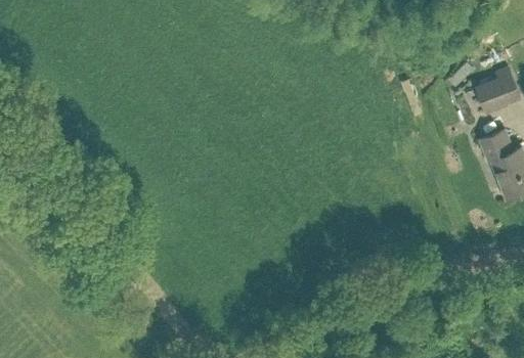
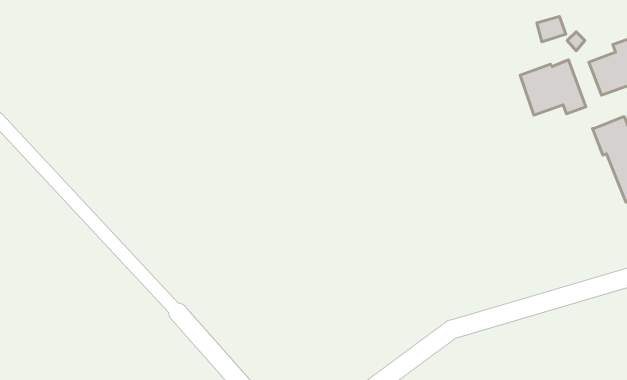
building: none -> [520,60,586,115]

